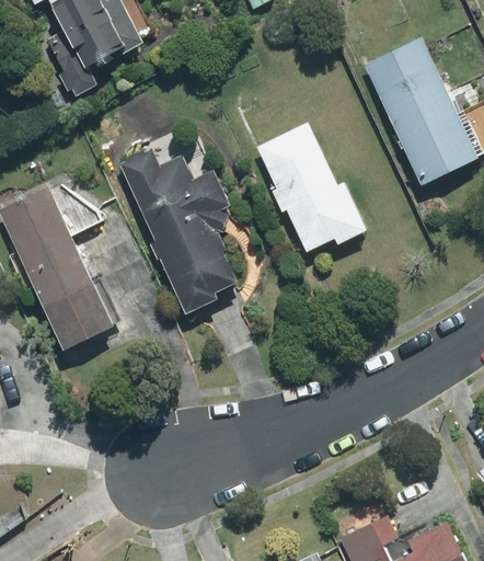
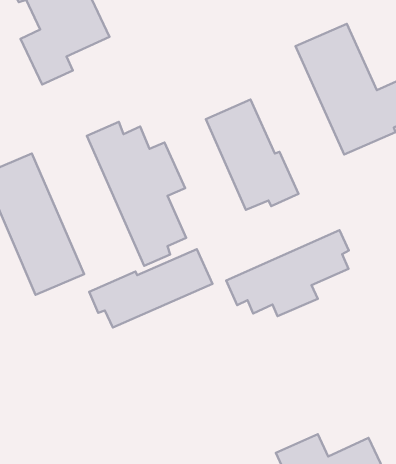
building: none -> [226,230,349,316]
building: none -> [89,249,212,327]

